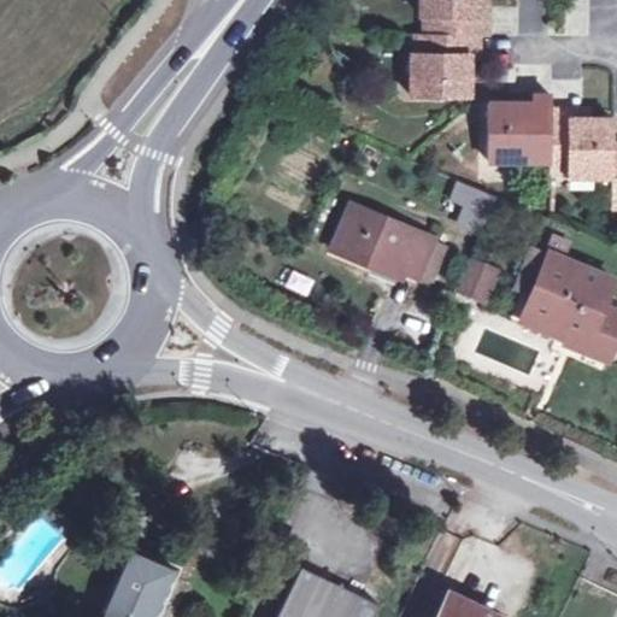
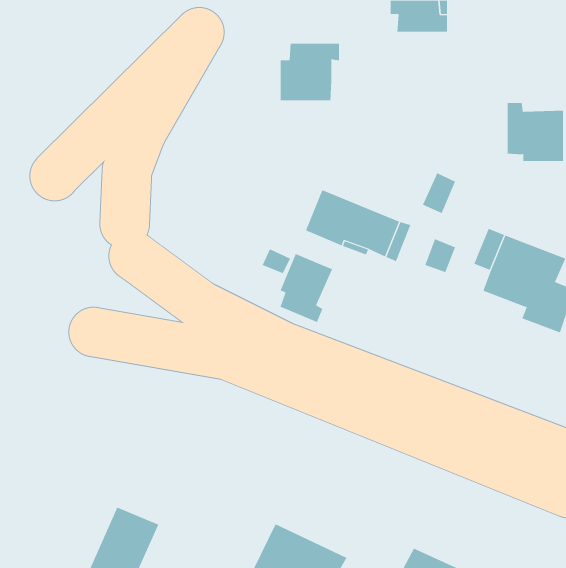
building: [415,36,480,99] -> [280,43,340,101]
building: [489,96,552,161] -> none
building: none -> [280,253,333,323]

